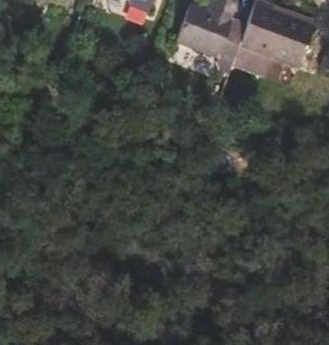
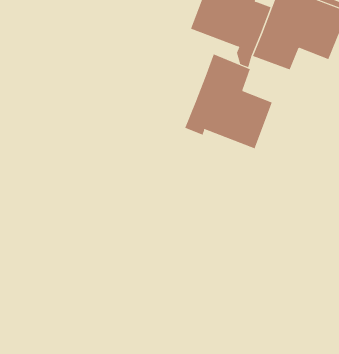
building: none -> [185,54,272,149]

